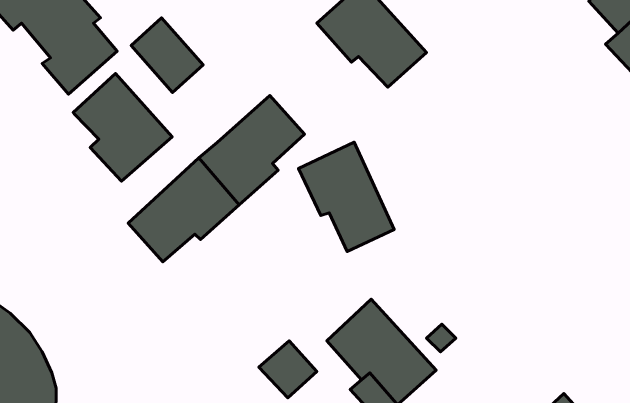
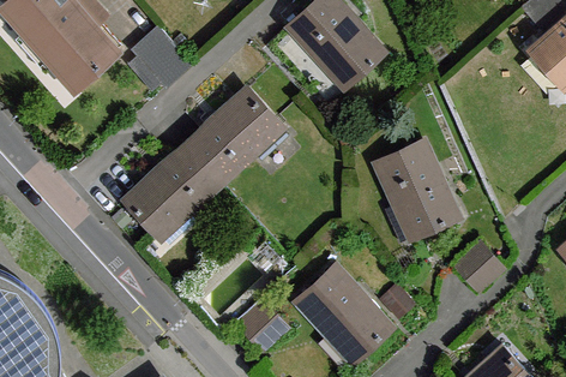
building: [73,73,172,181] -> none
building: [299,142,394,252] -> [373,144,456,239]
building: none -> [452,245,501,294]

